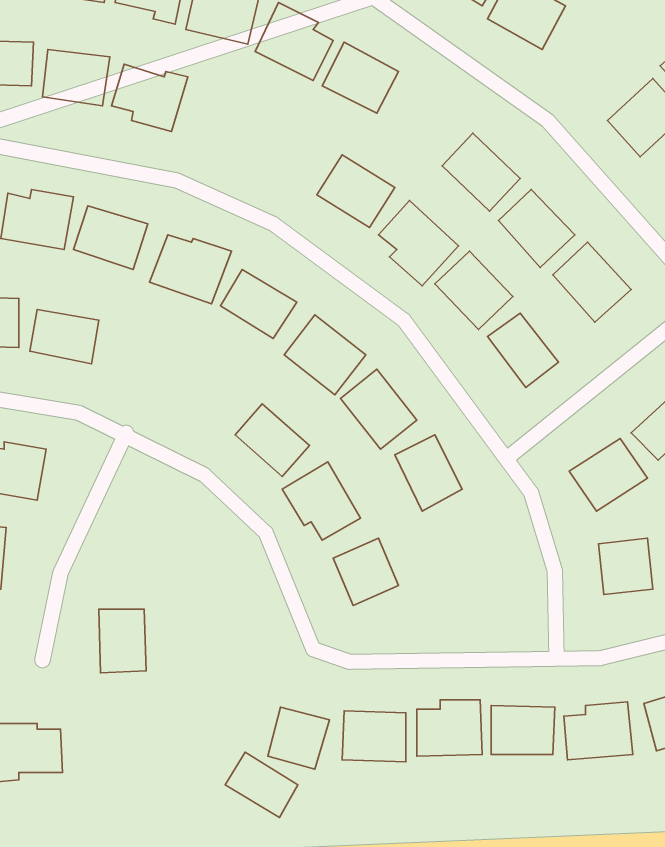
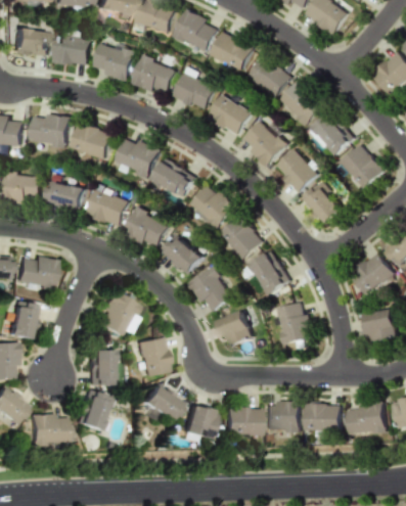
building: none -> [130,55,175,93]
building: none -> [247,57,289,97]
building: none -> [171,66,215,110]
building: none -> [85,189,127,226]
building: none -> [122,209,167,248]
building: none -> [93,291,140,335]
building: none -> [275,303,312,344]
building: none -> [134,337,166,375]
building: none -> [73,389,105,430]
building: [225,752,298,818] -> [137,385,178,422]

